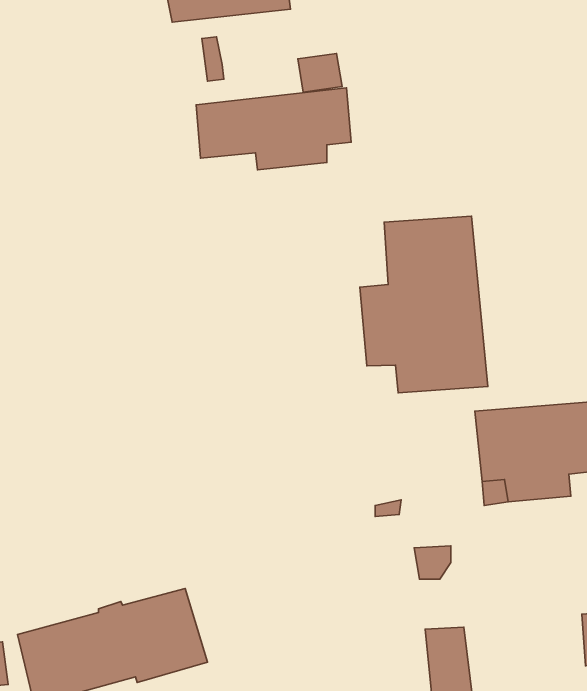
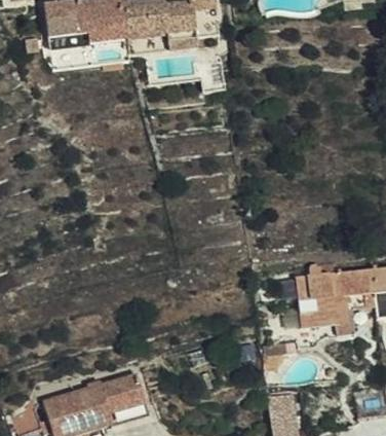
building: [196,88,351,170] -> none
building: [360,216,488,393] -> none

